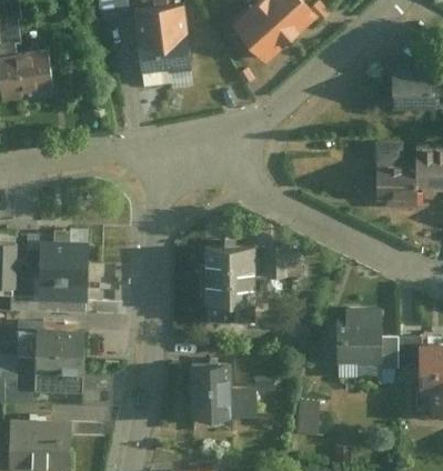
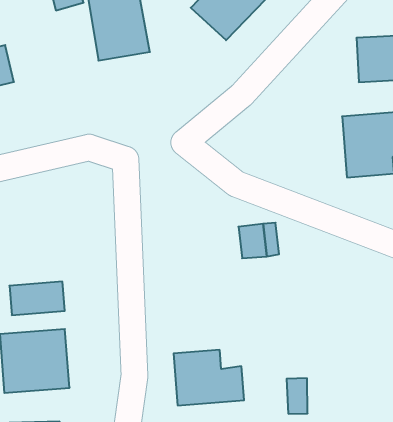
building: [34,243,88,287] -> none
building: [204,245,255,323] -> none
building: [333,308,397,369] -> none

